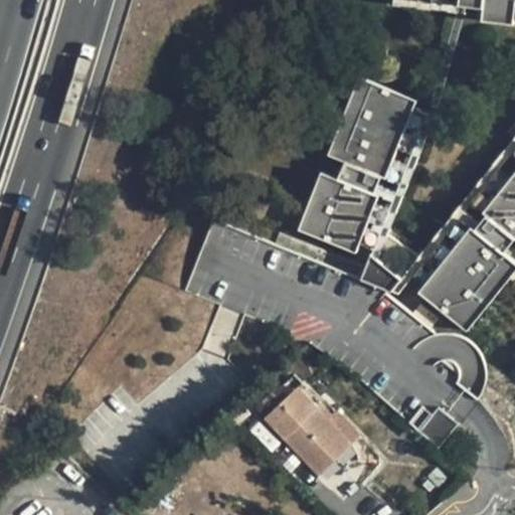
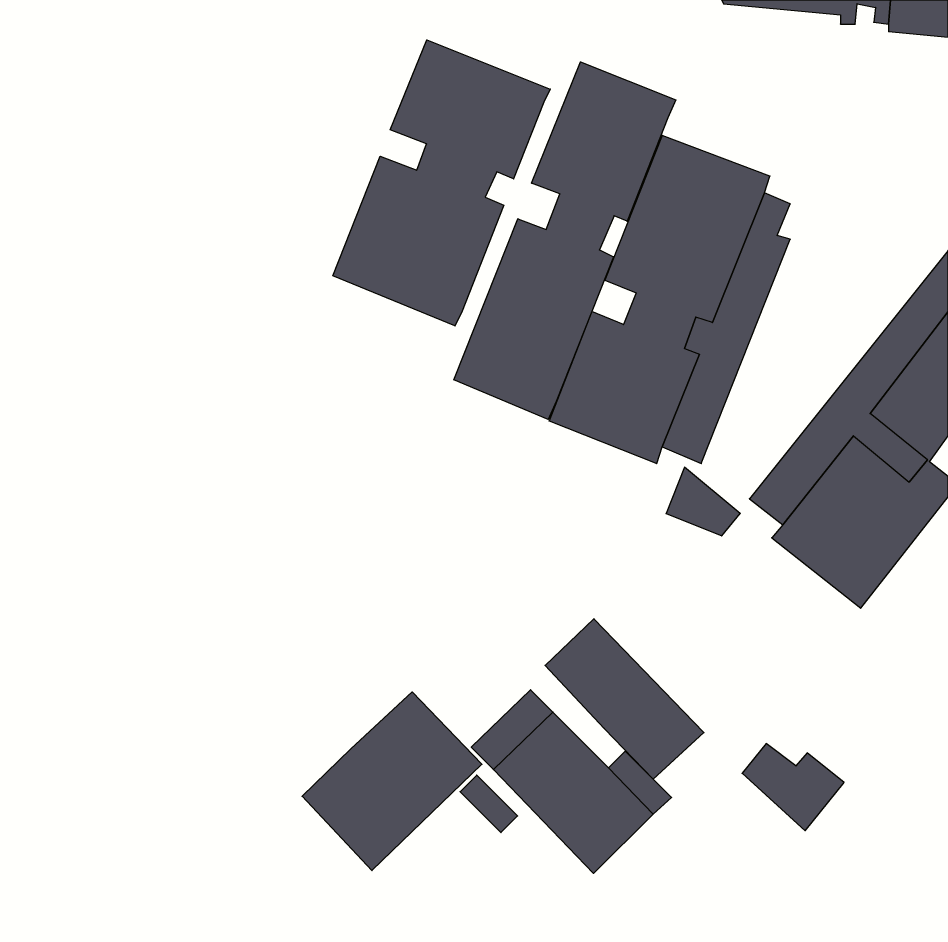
building: none -> [333,40,550,326]
building: none -> [454,62,676,419]
building: none -> [545,619,704,779]
building: none -> [302,692,482,871]

